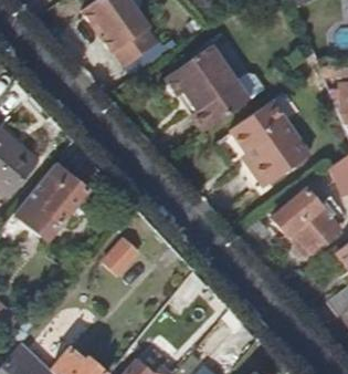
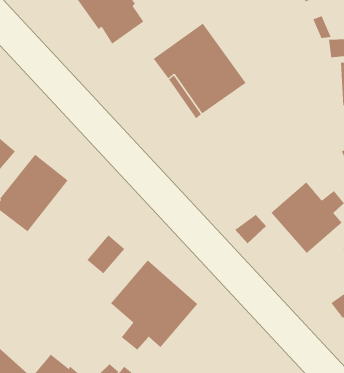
building: [230,101,312,188] -> none
building: none -> [110,260,198,351]

